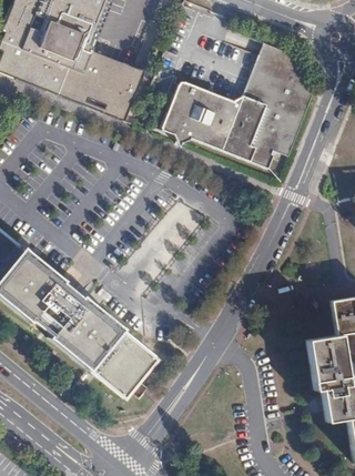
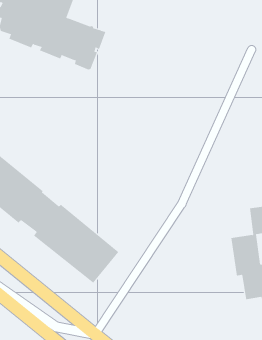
building: [162,42,313,168] -> none

